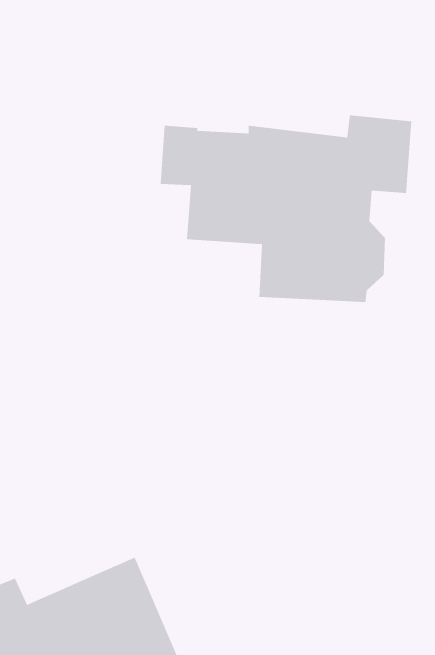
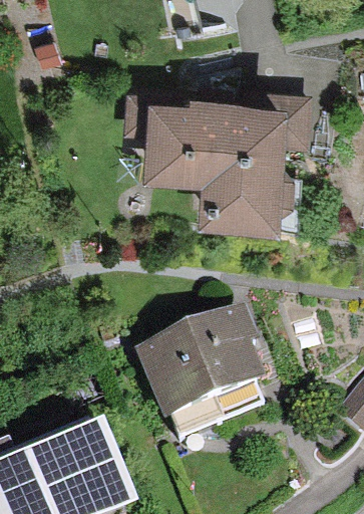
building: none -> [134,304,268,439]

